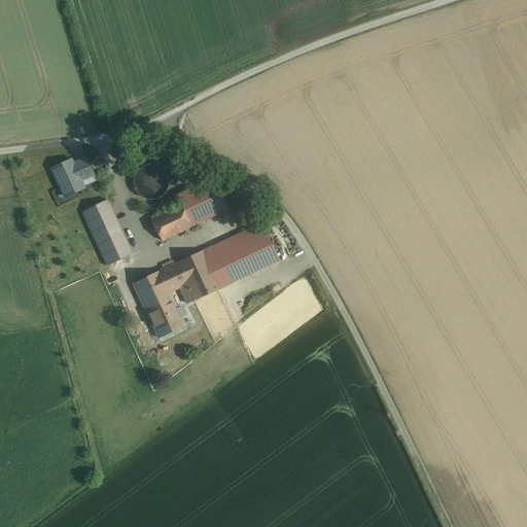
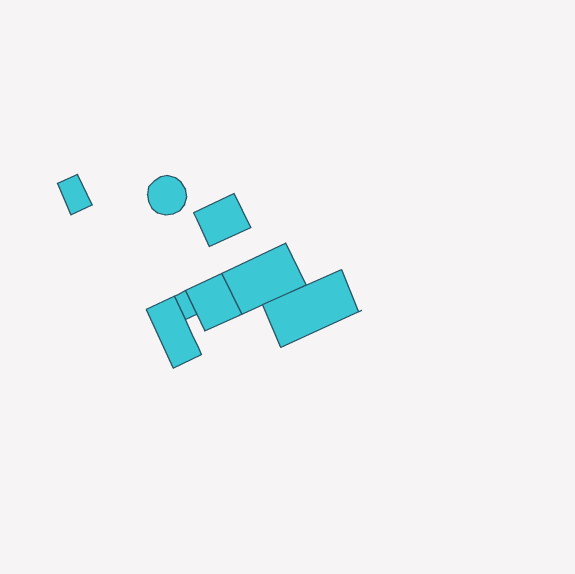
building: [82,200,132,266] -> none
building: [150,201,191,240] -> none
building: none -> [263,270,361,347]

